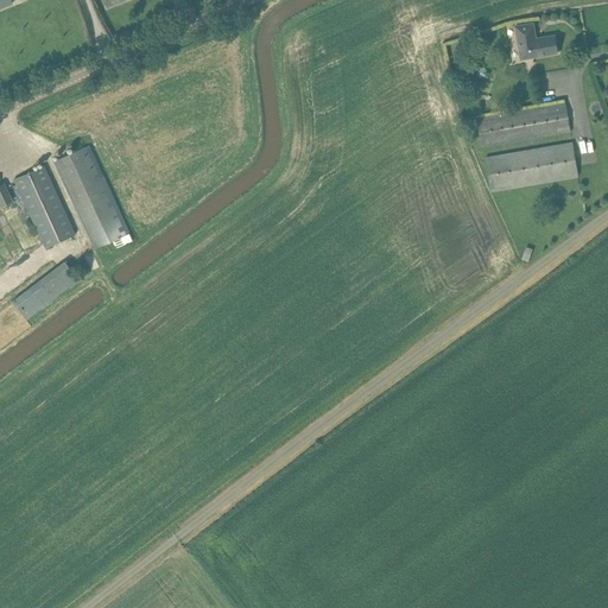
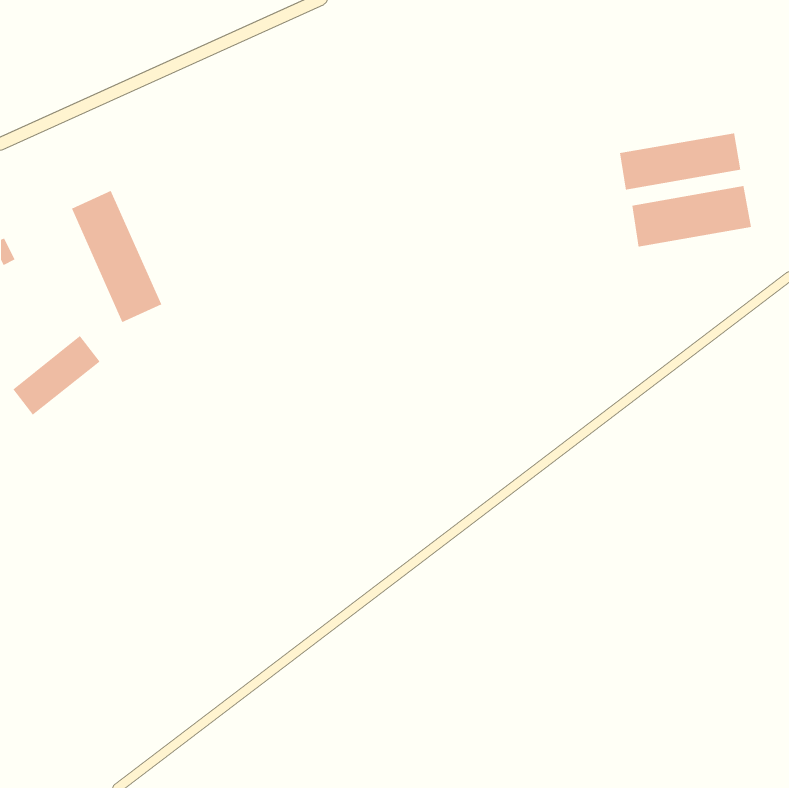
building: [515,23,557,57] -> none
building: [14,165,75,247] -> none

